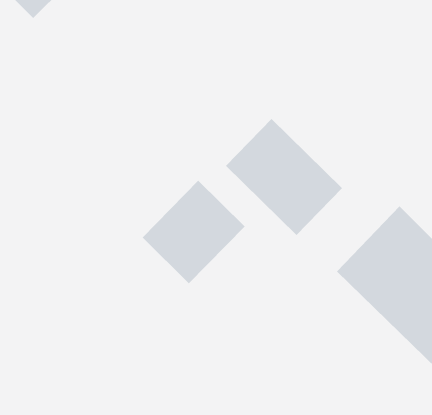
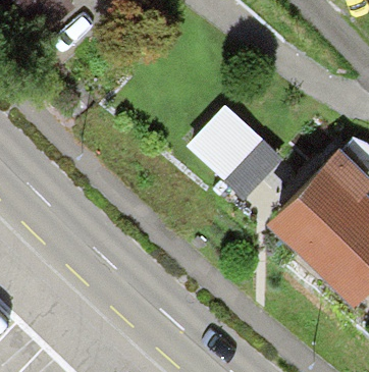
building: [142,180,245,284] -> none

